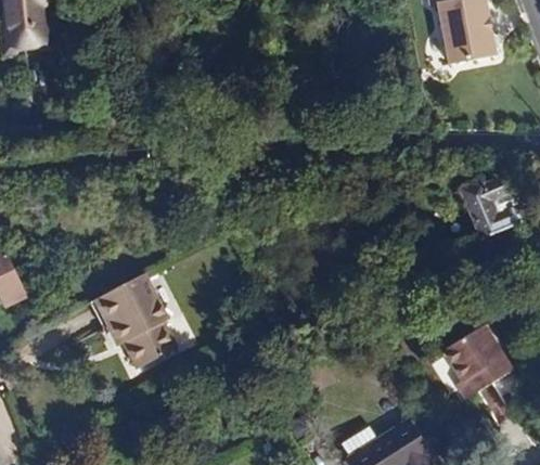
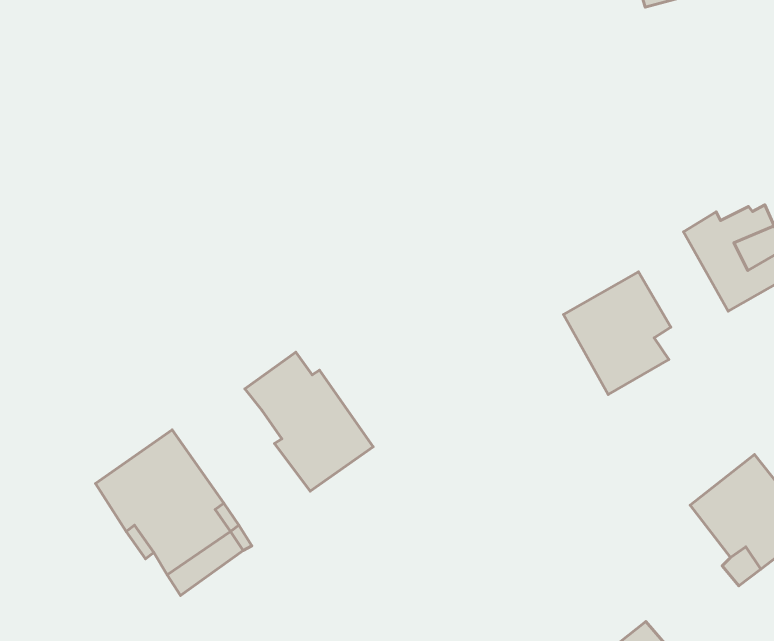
building: none -> [563,272,671,395]
building: none -> [245,352,373,491]

